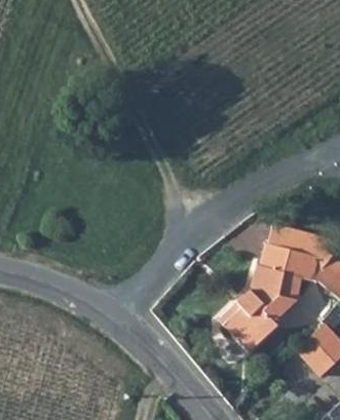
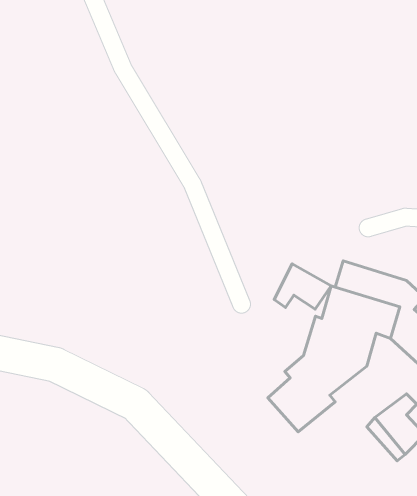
building: none -> [274,264,331,309]

